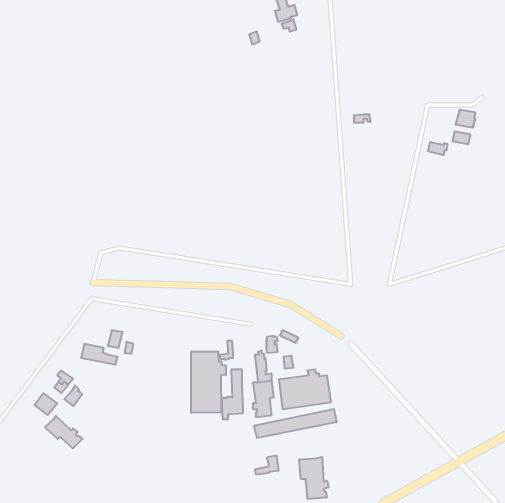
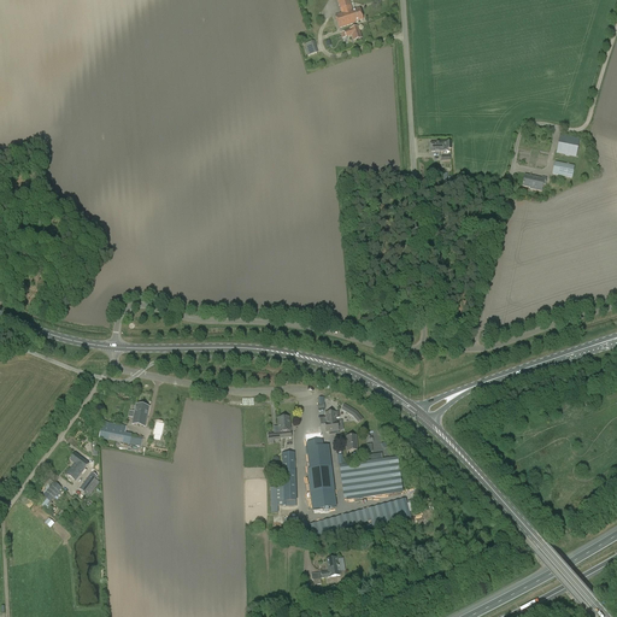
building: [191,351,226,413] -> none
building: [45,416,83,448] -> none
building: [299,457,328,499] -> none

